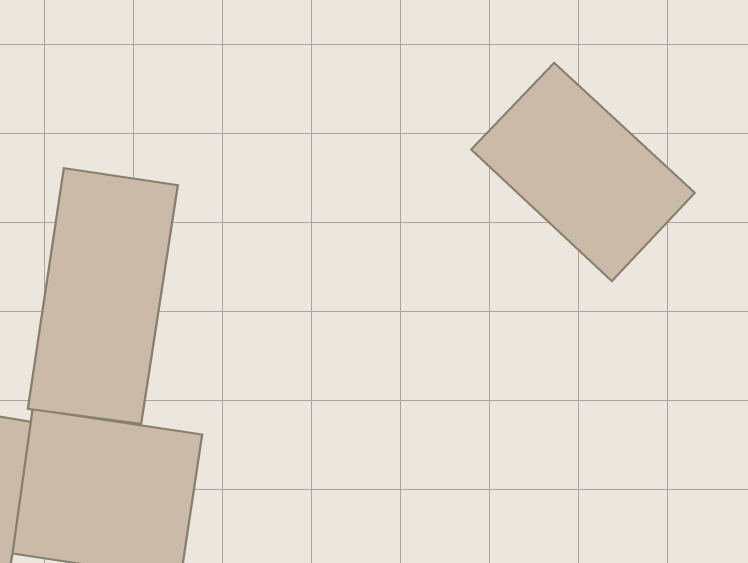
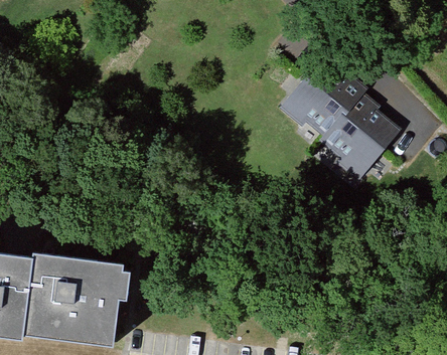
building: [28,168,178,424] -> none

